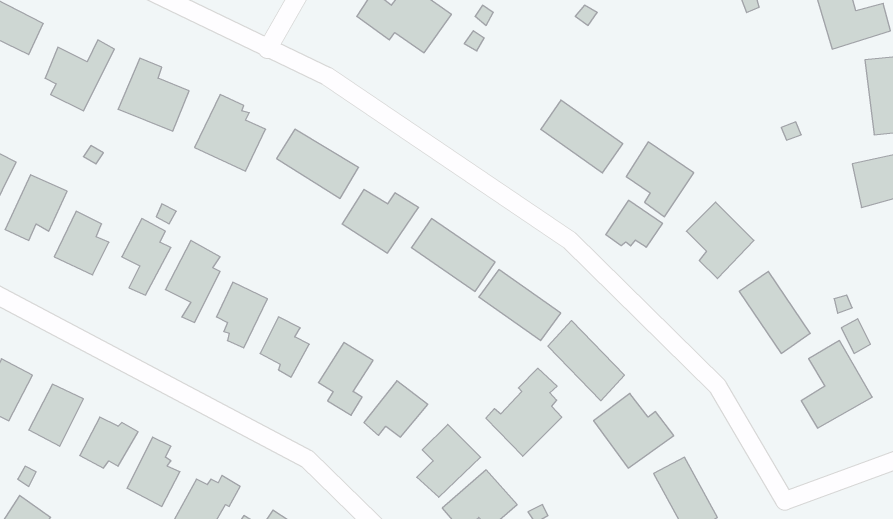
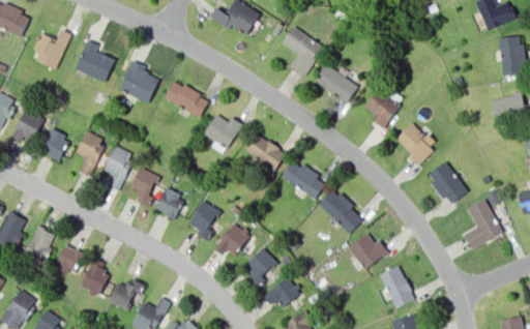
building: none -> [282,26,323,76]
building: [606,200,662,247] -> none
building: [486,368,562,456] -> none

